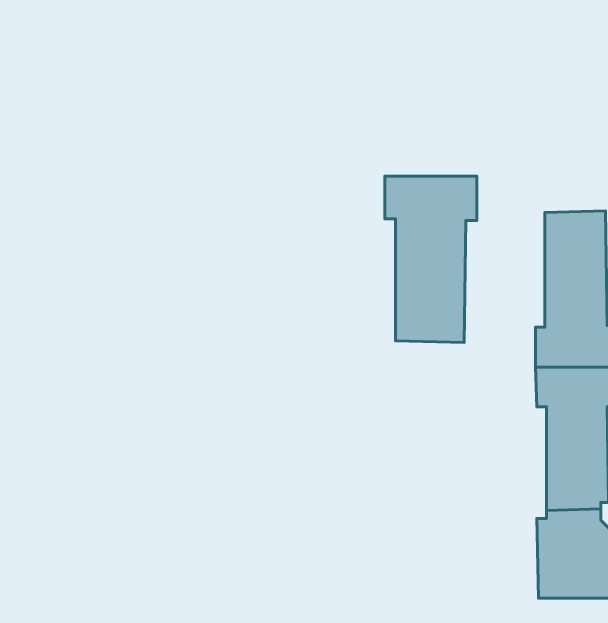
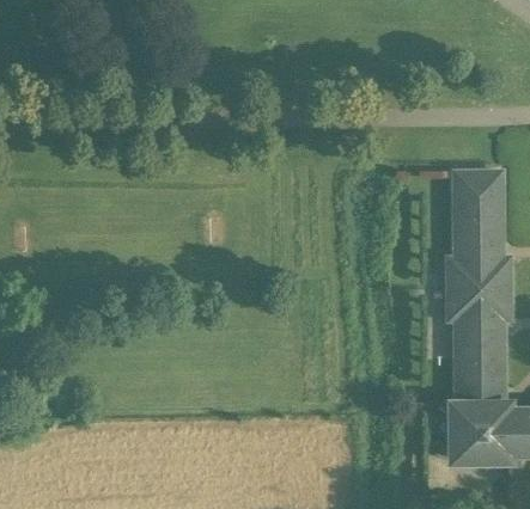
building: [385,176,477,343] -> none

